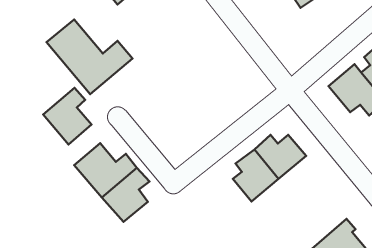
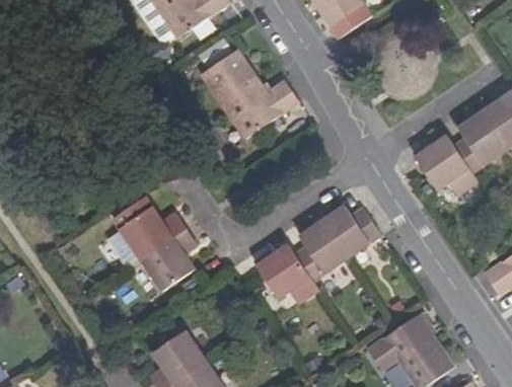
building: [47,19,132,94] -> [204,52,301,140]
building: [43,88,92,144] -> none
building: none -> [258,244,317,302]

